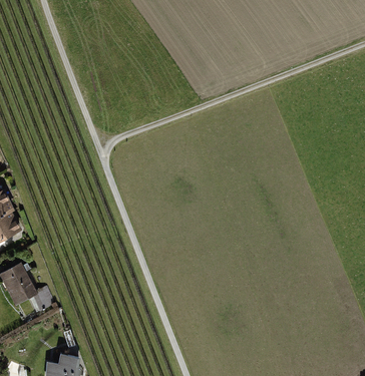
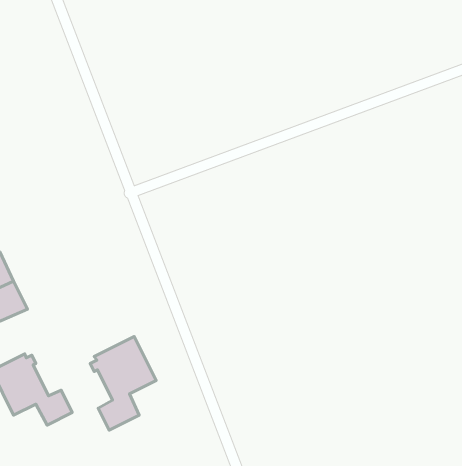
building: none -> [90,336,156,430]

